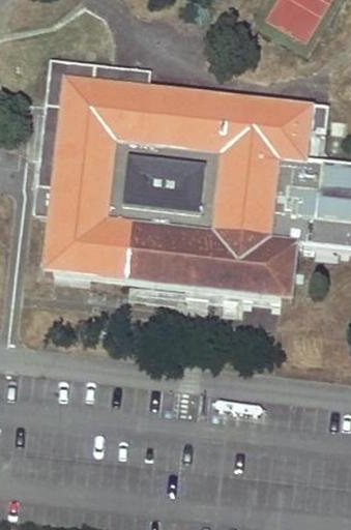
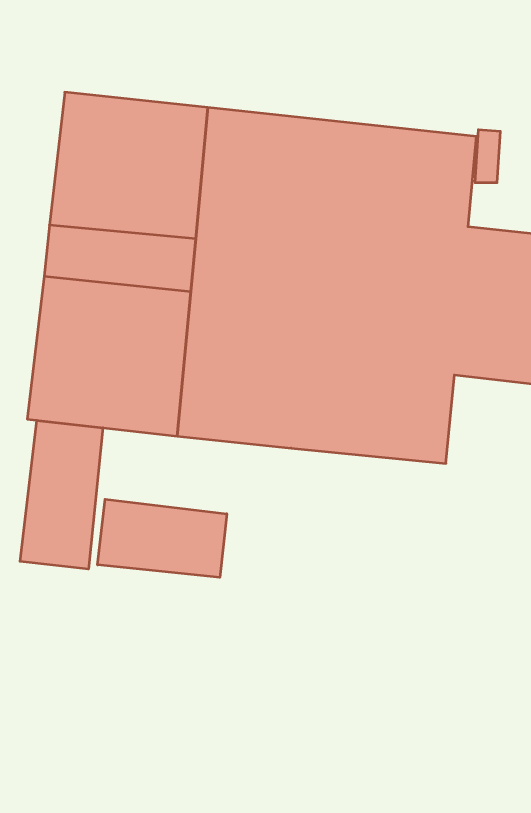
building: none -> [20,420,103,569]
building: none -> [98,499,227,577]

